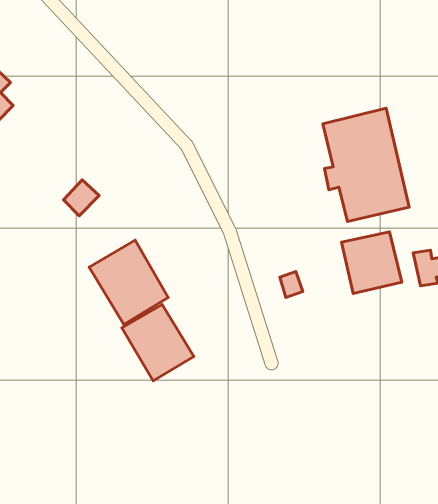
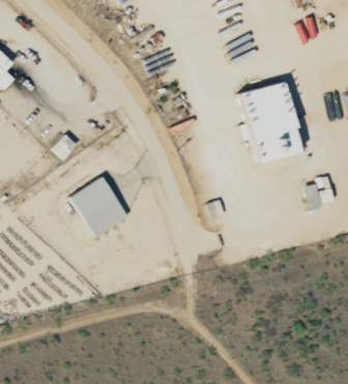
building: [342,232,402,294] -> none
building: [122,305,194,381] -> none

